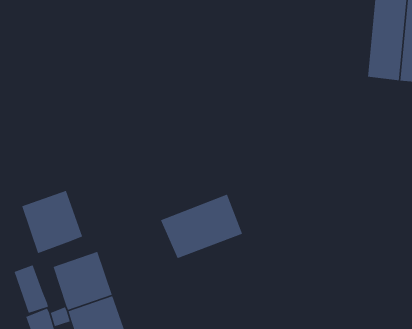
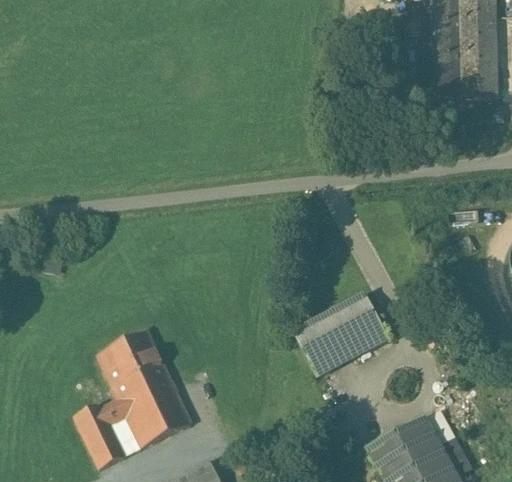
building: [21,190,83,254] -> none
building: [160,193,243,259] -> [294,293,390,374]
building: [14,264,49,314] -> none

